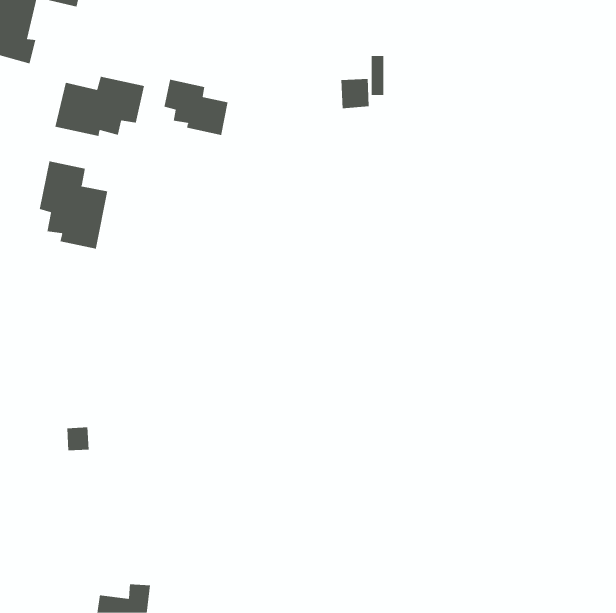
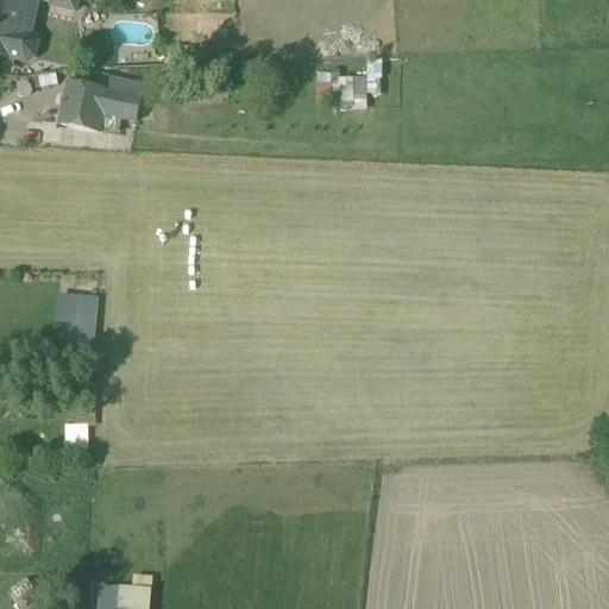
building: [164,79,228,136] -> none
building: [39,160,108,250] -> none
building: none -> [57,290,98,350]

